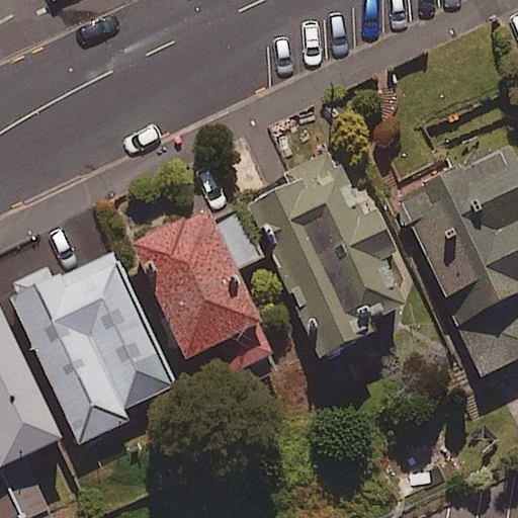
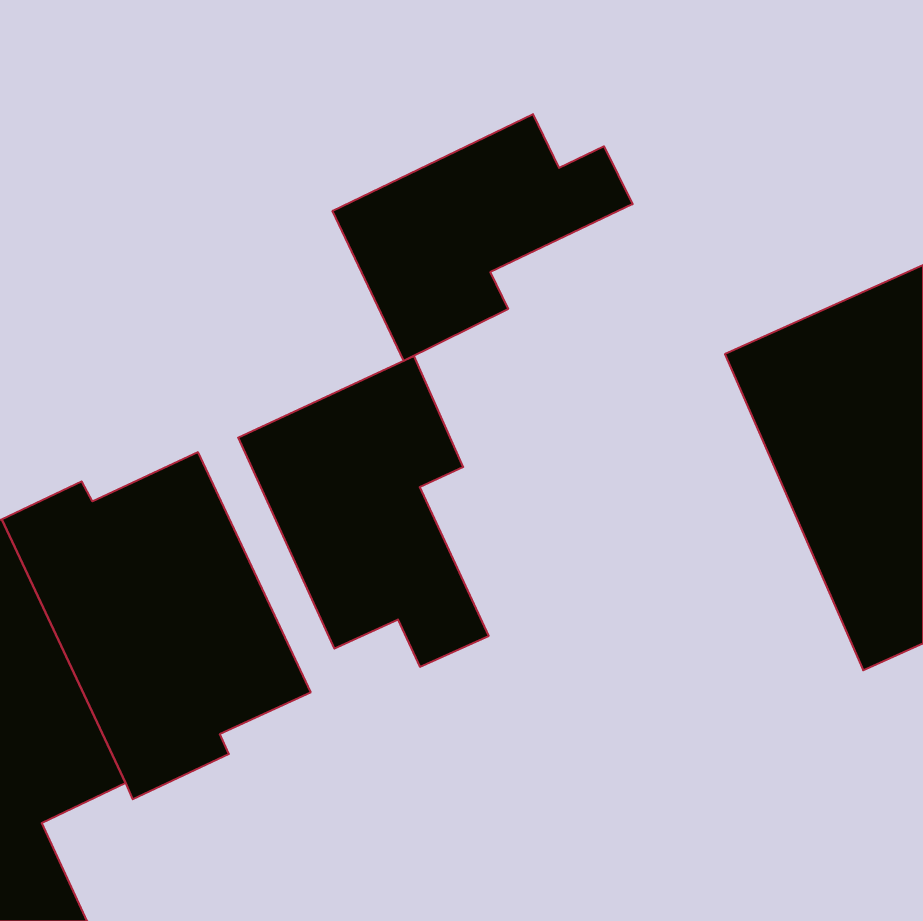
building: none -> [333,114,633,361]
building: [254,151,405,354] -> none

